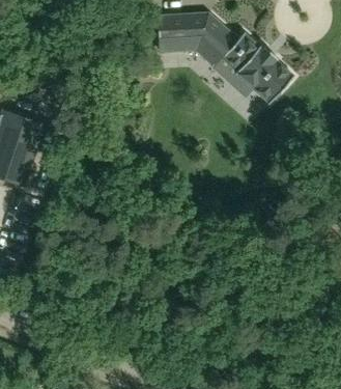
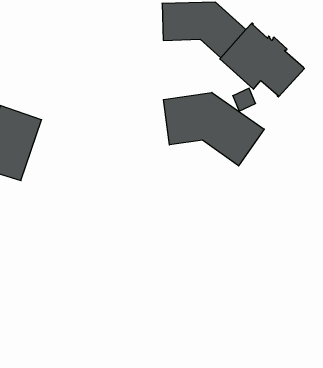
building: none -> [163,92,264,166]

